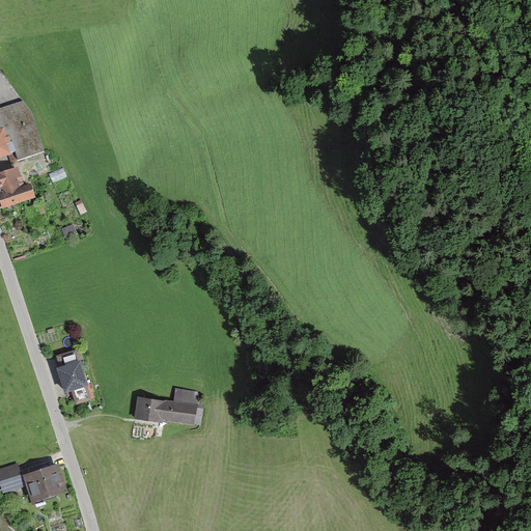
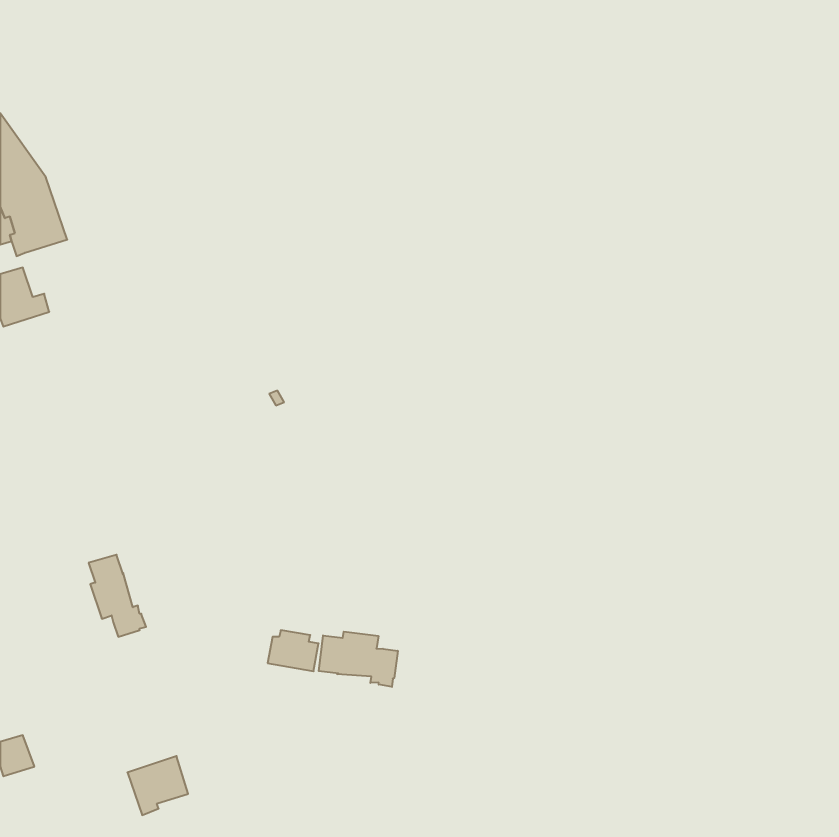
building: [135,396,172,421] -> none
building: none -> [319,632,398,687]
building: [24,466,62,503] -> [127,756,188,815]

